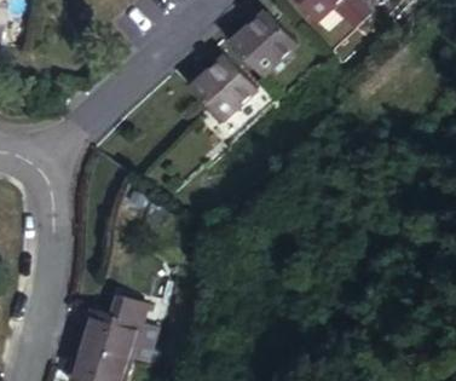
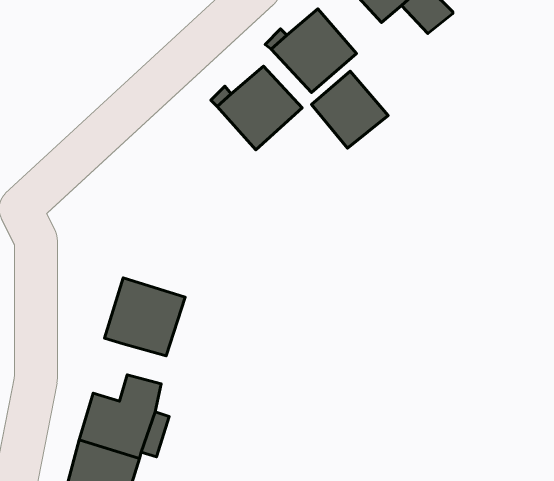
building: none -> [312,71,388,148]
building: none -> [105,278,185,356]

